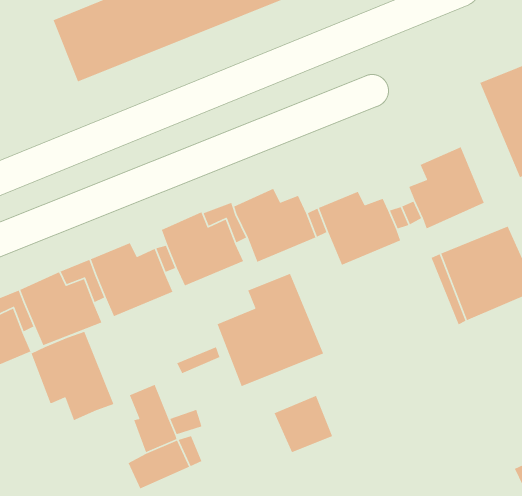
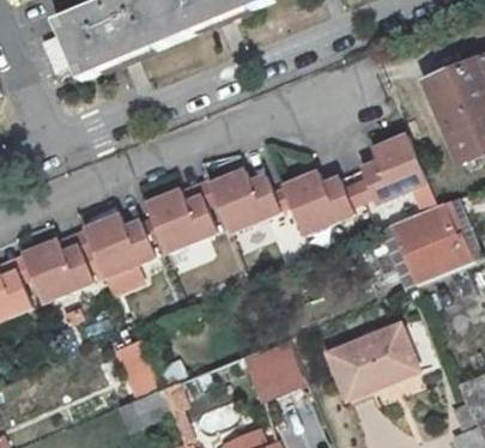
building: [216,273,324,387] -> none
building: [30,331,115,421] -> none
building: none -> [328,322,416,402]

